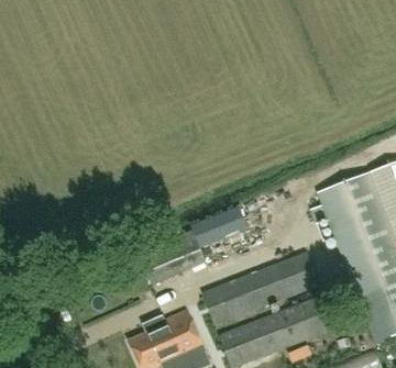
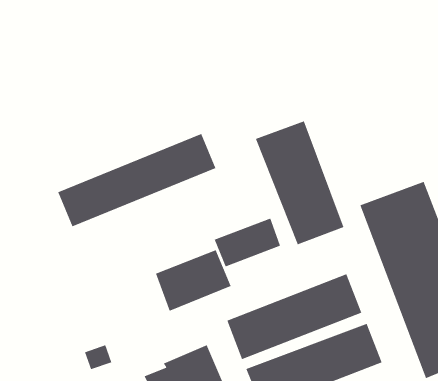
building: none -> [255,121,344,245]
building: none -> [58,133,216,227]

